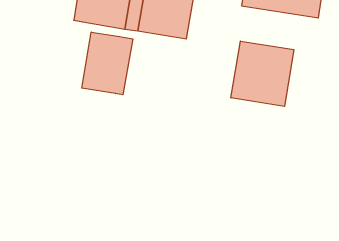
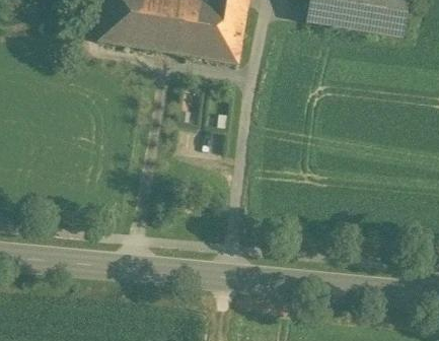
building: [82,32,133,95] -> none
building: [231,41,294,106] -> none

